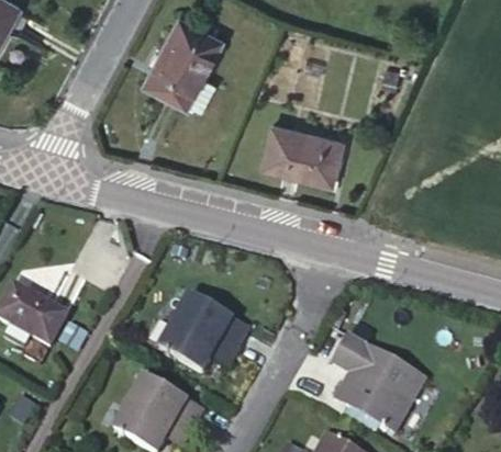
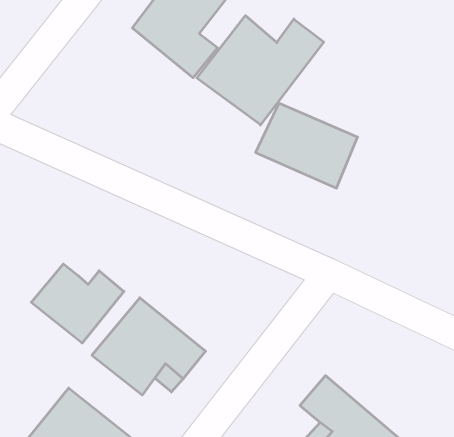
building: none -> [197,16,324,125]
building: none -> [31,264,124,343]

